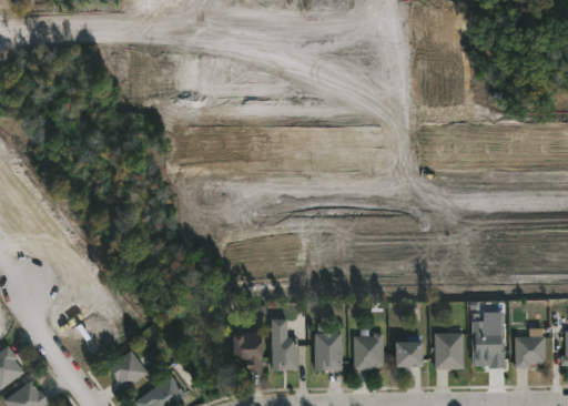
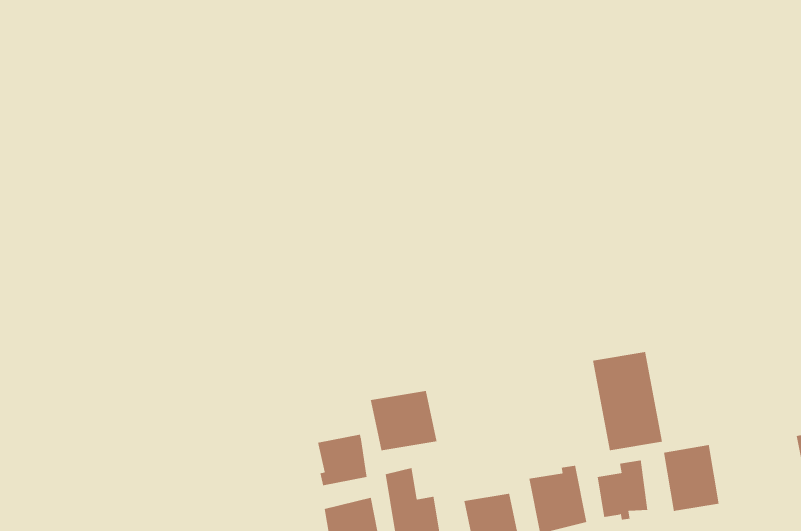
building: none -> [370,390,437,451]
building: none -> [317,434,367,486]
building: [471,314,505,368] -> [592,351,663,451]

